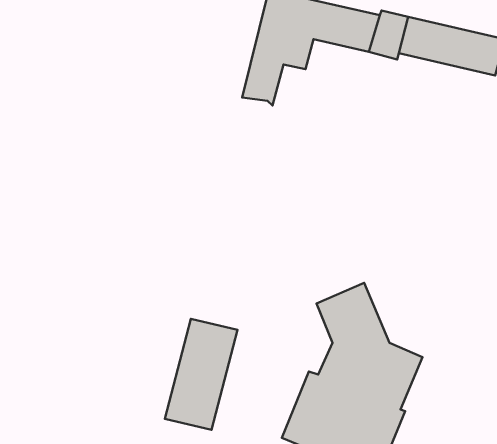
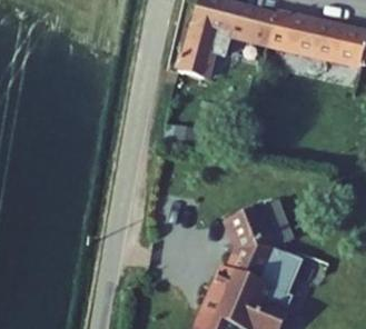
building: [165,319,237,430] -> none

